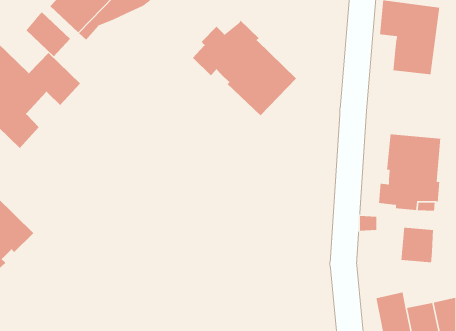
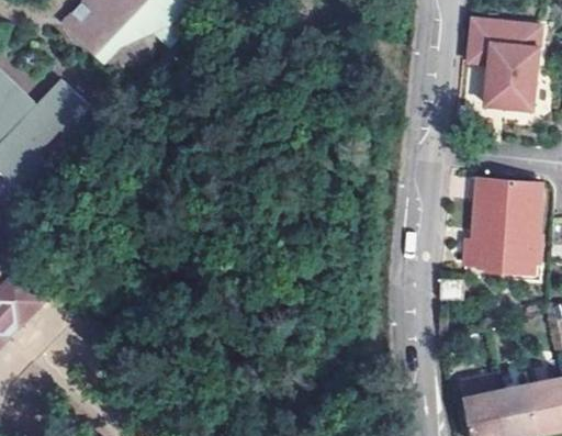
building: [25,11,71,57] -> none
building: [192,20,297,116] -> none
building: [401,227,434,263] -> none

